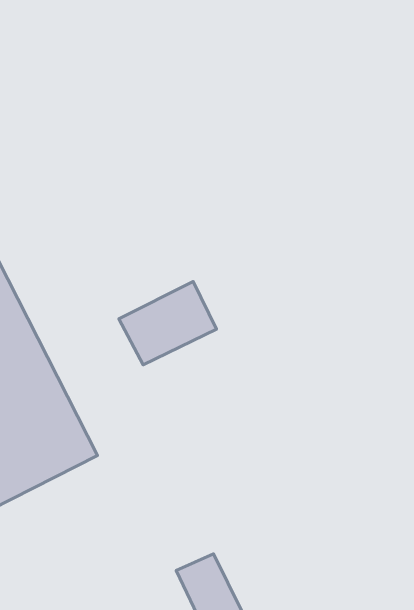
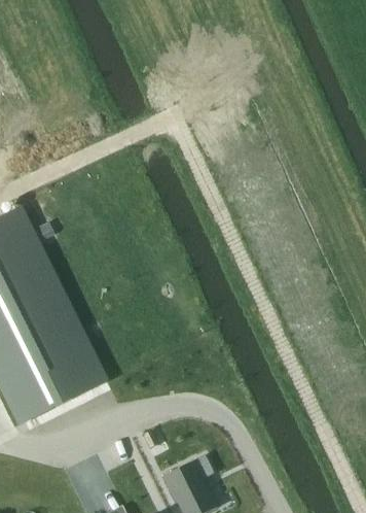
building: [119,282,217,365] -> none

